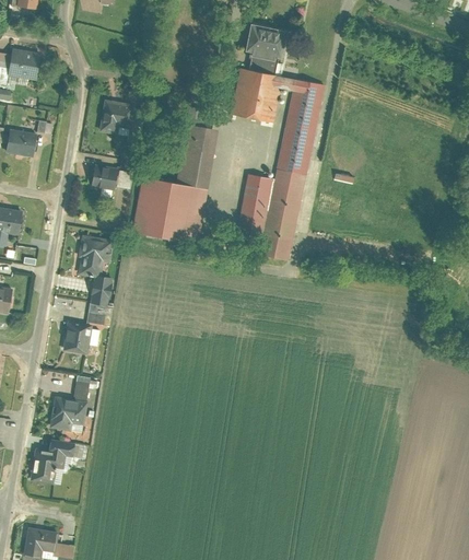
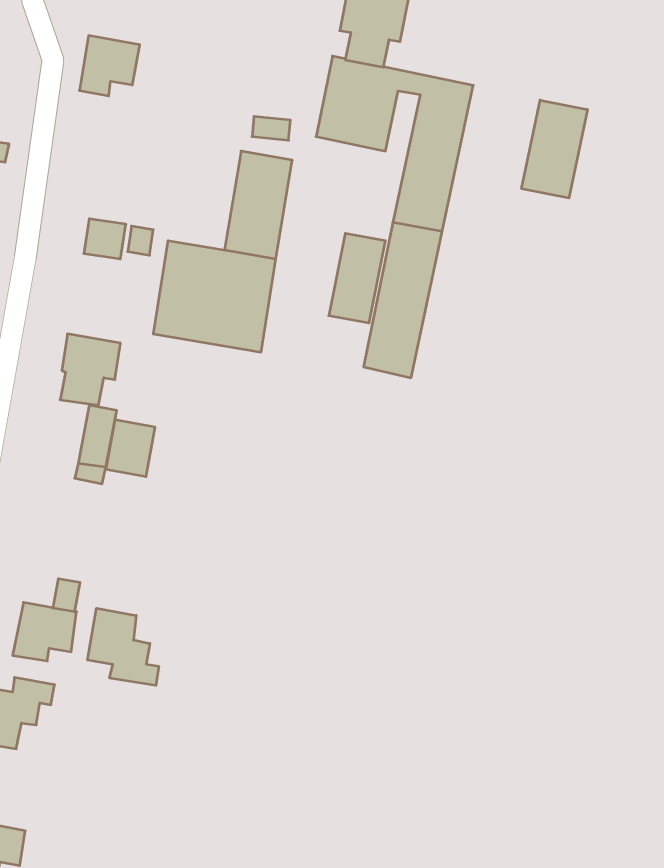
building: none -> [522,100,587,198]
building: [99,98,136,135] -> [79,36,140,96]
building: [63,319,93,353] -> [106,420,155,477]
building: none -> [88,608,159,685]

